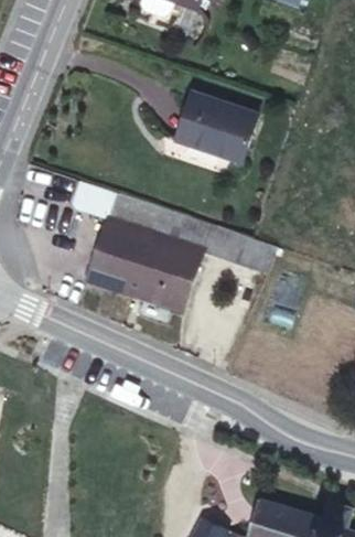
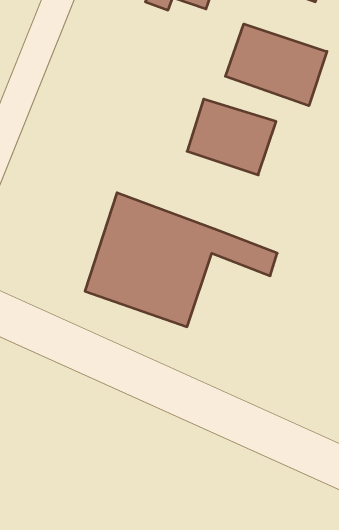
building: none -> [225,24,327,106]

